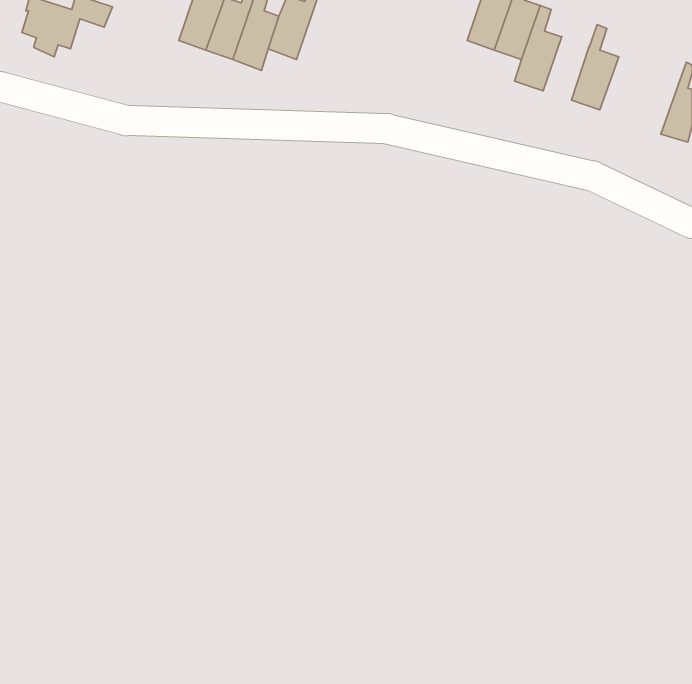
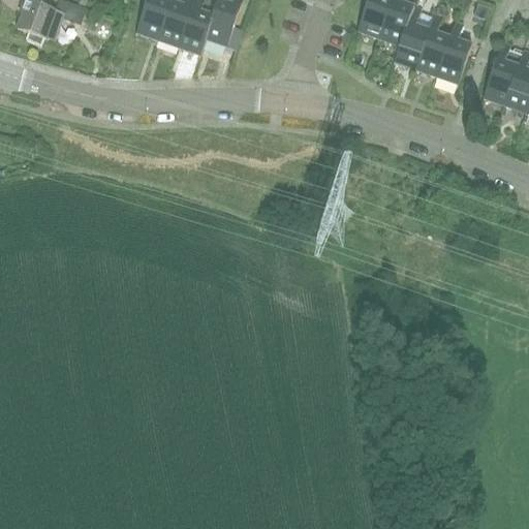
building: none -> [414,11,449,76]
building: none -> [484,40,522,102]

